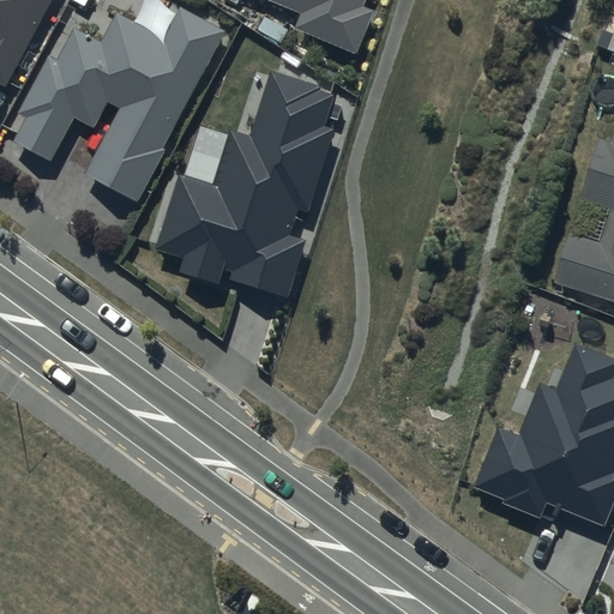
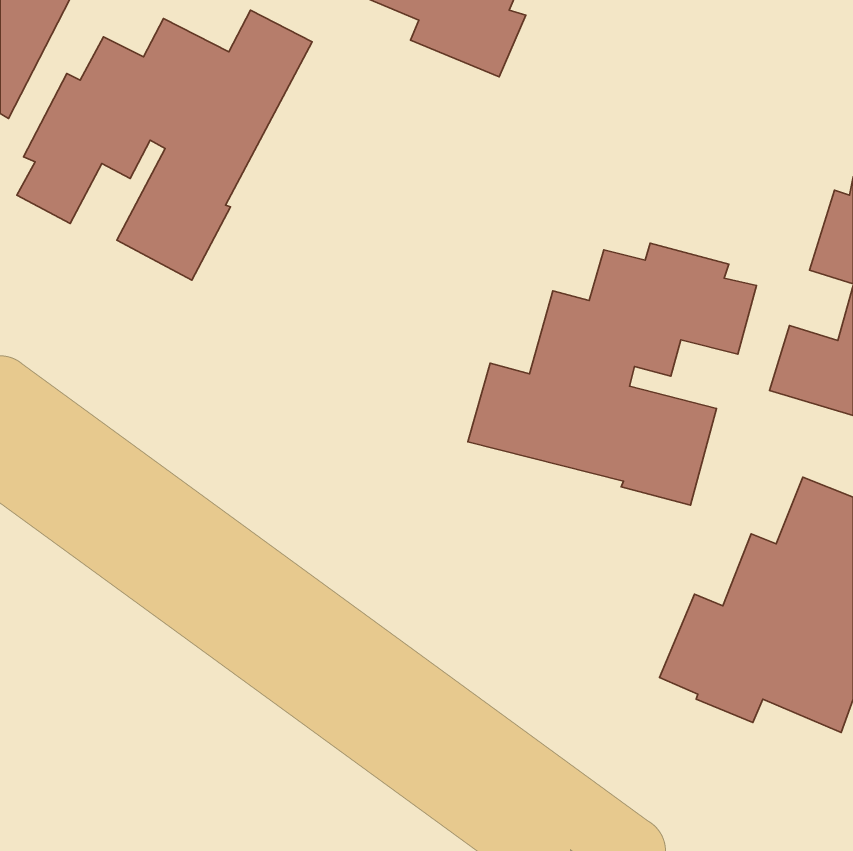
building: [158,72,337,300] -> none
building: none -> [468,243,756,505]

